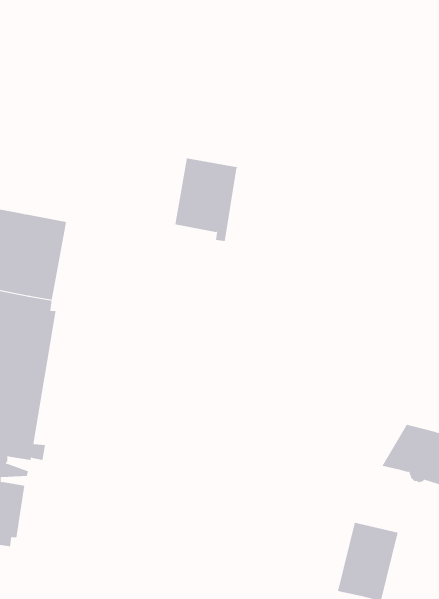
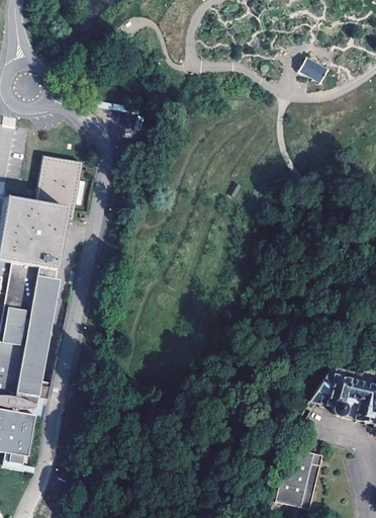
building: none -> [299,54,330,81]
building: [175,158,239,242] -> [34,153,84,218]

